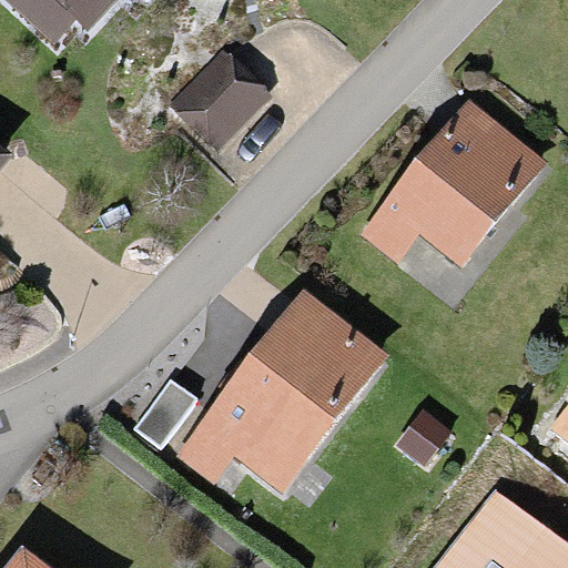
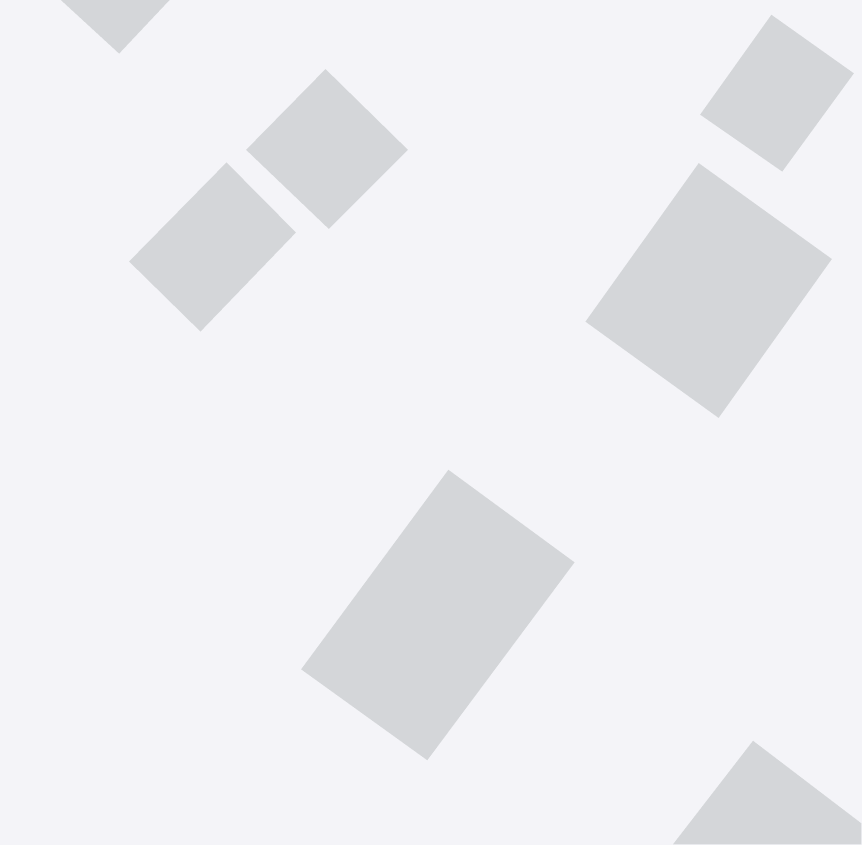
building: none -> [699,13,855,173]
building: none -> [128,161,297,333]

